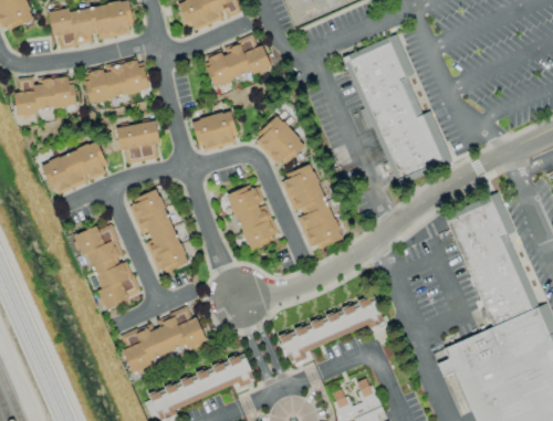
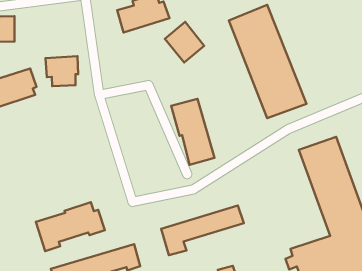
building: [85,59,149,102] -> none
building: [192,110,238,150] -> none
building: [253,115,304,167] -> [165,22,204,63]
building: [228,185,276,250] -> none
building: [129,190,186,273] -> none
building: [77,224,139,309] -> none

